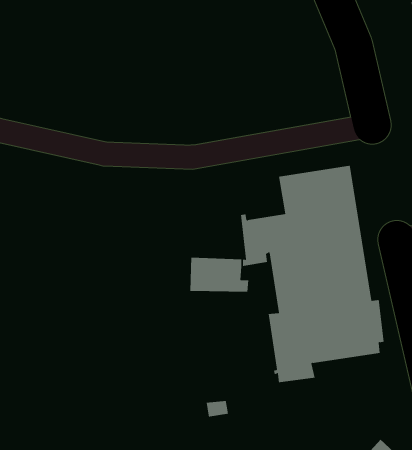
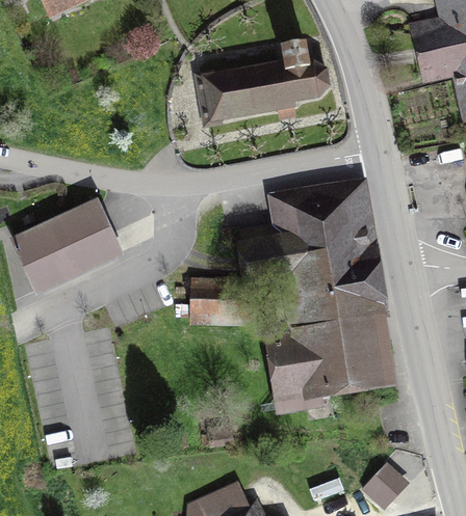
building: none -> [201,45,329,121]
building: none -> [16,206,118,290]

